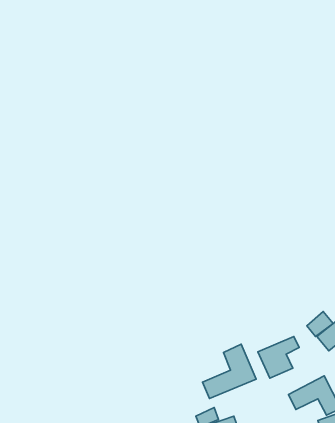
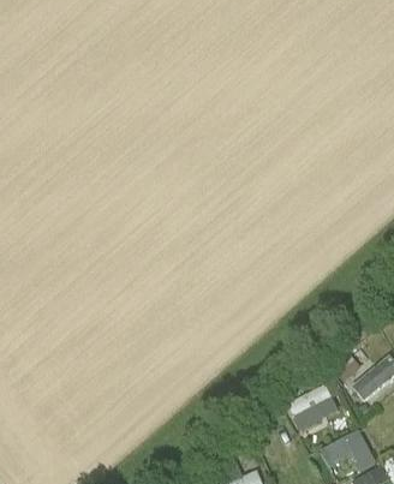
building: [202,344,256,398] -> none

